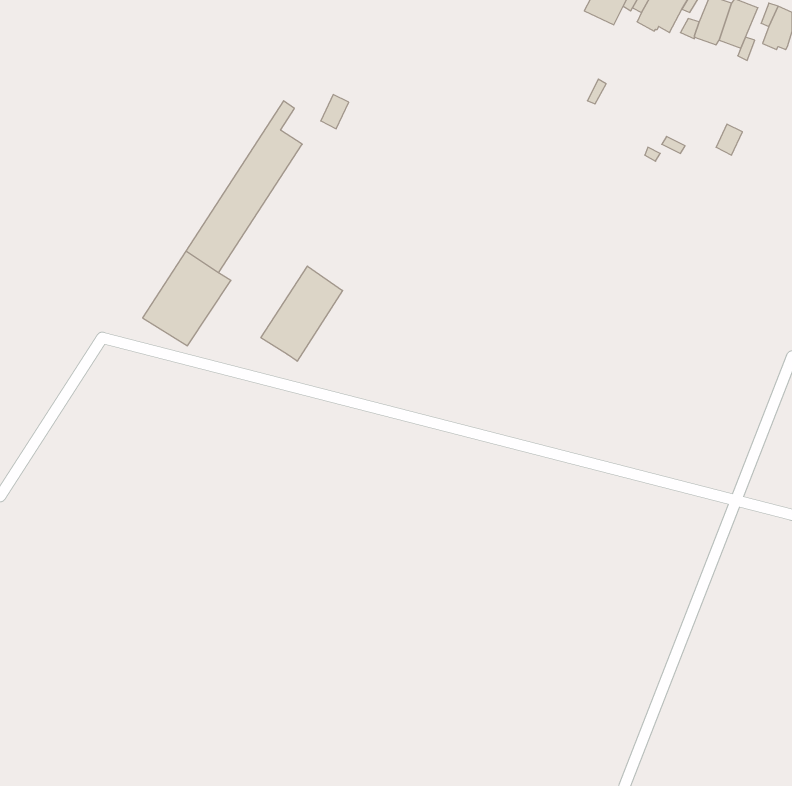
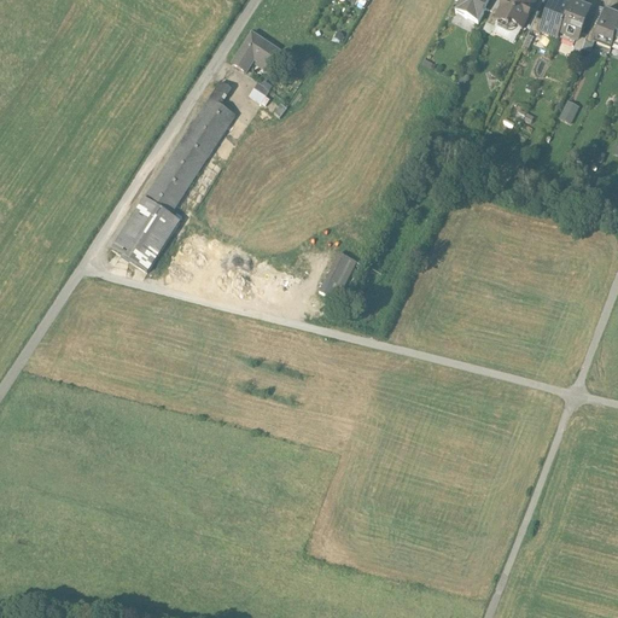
building: none -> [232,31,284,70]
building: [261,266,343,361] -> none
building: none -> [320,250,357,298]

